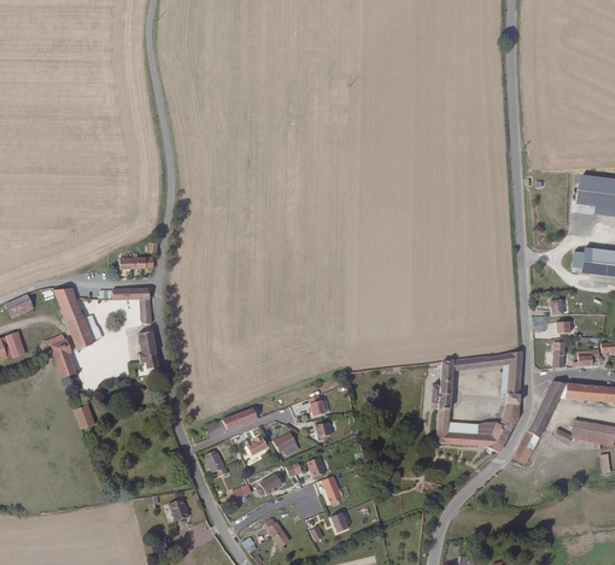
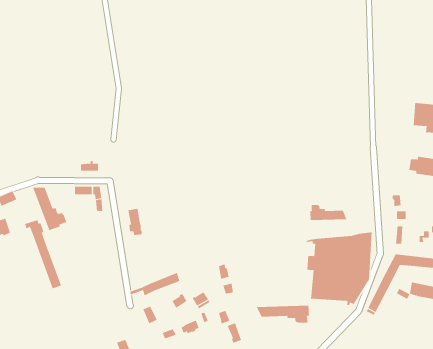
building: none -> [310,204,347,221]
building: [137,330,158,367] -> [128,208,142,236]
building: none -> [256,305,310,323]

